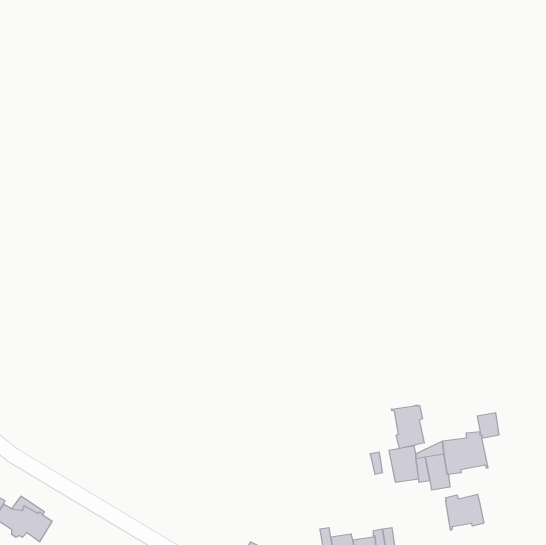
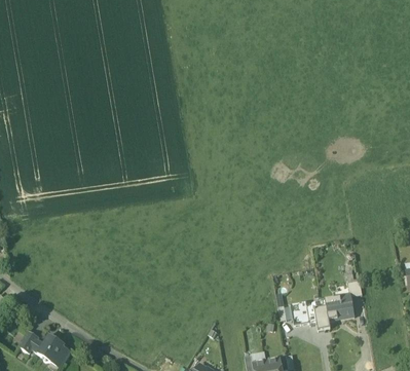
building: [391,405,424,449] -> none
building: [445,494,484,530] -> none

